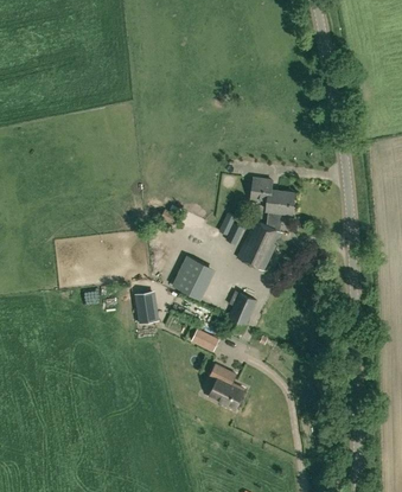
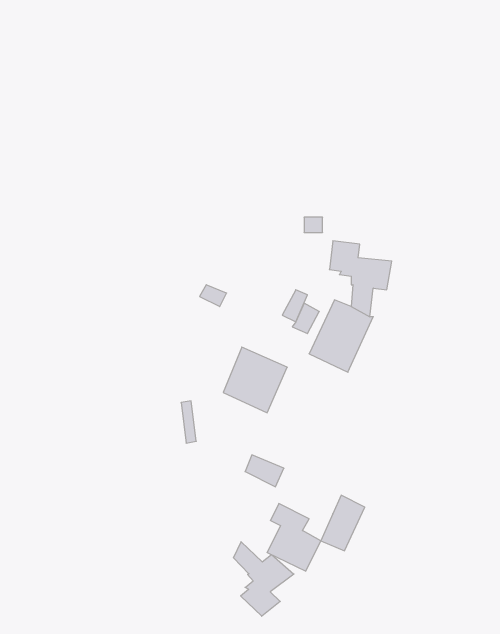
building: [224,292,255,331] -> [321,495,365,551]
building: none -> [233,542,294,616]

